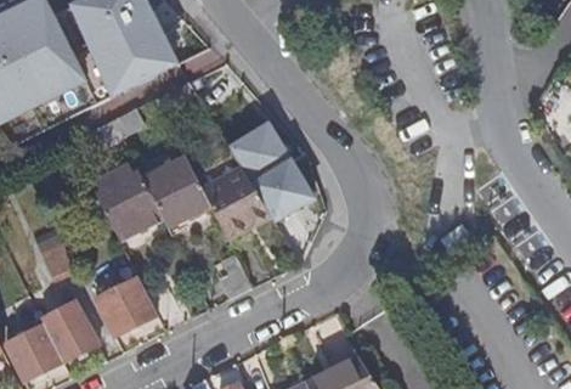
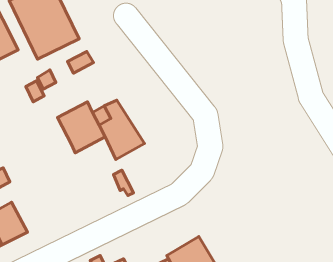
building: [233,114,320,219] -> none
building: [92,163,163,239] -> none
building: [94,276,157,336] -> none

